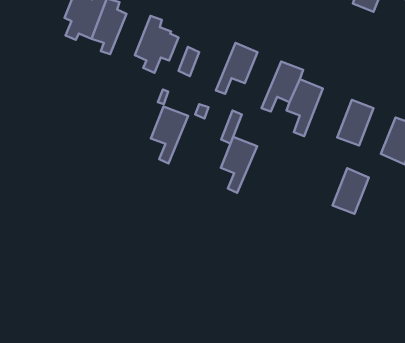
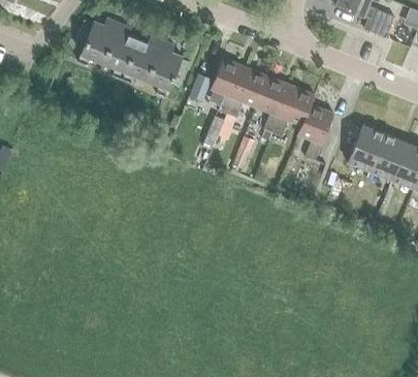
building: none -> [123,36,163,84]
building: [151,106,188,163] -> [211,59,248,116]
building: [221,137,257,193] -> [257,77,293,133]
building: [333,168,369,214] -> [371,133,407,179]

